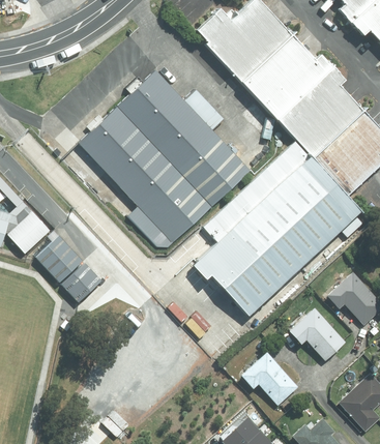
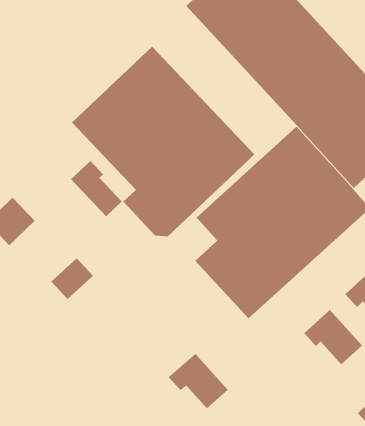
building: none -> [70,160,123,217]
building: [36,235,85,283] -> none
building: [243,354,298,405] -> [168,353,229,409]

